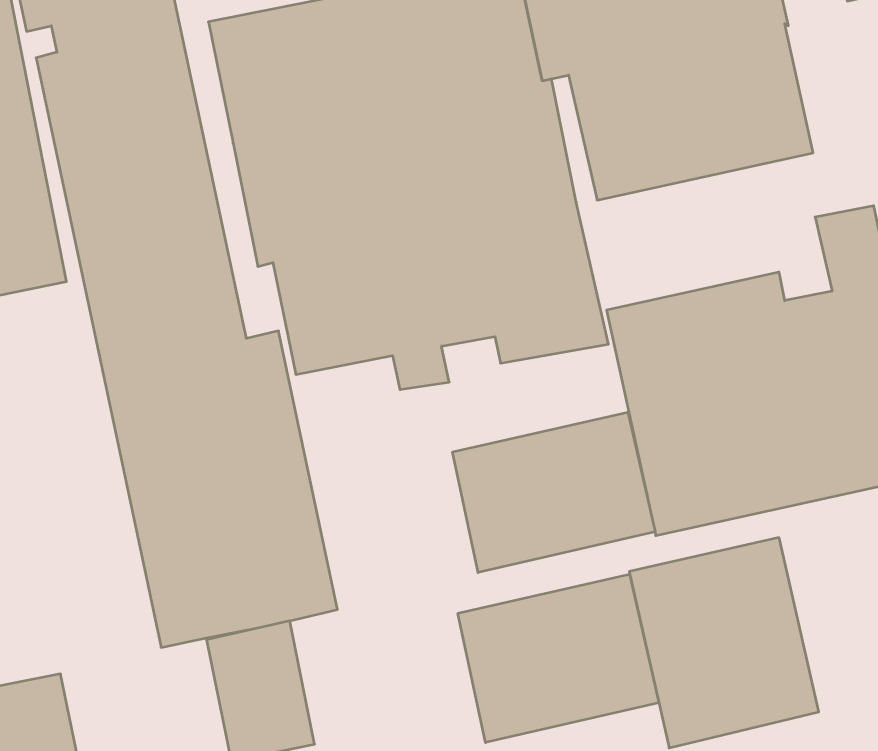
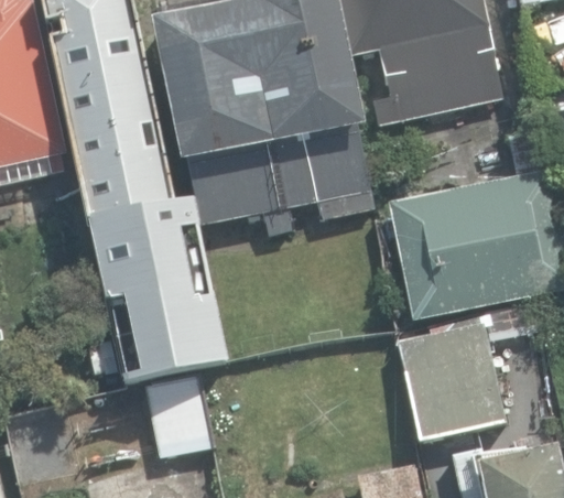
building: [453,412,655,573] -> none
building: [458,574,659,743] -> none

